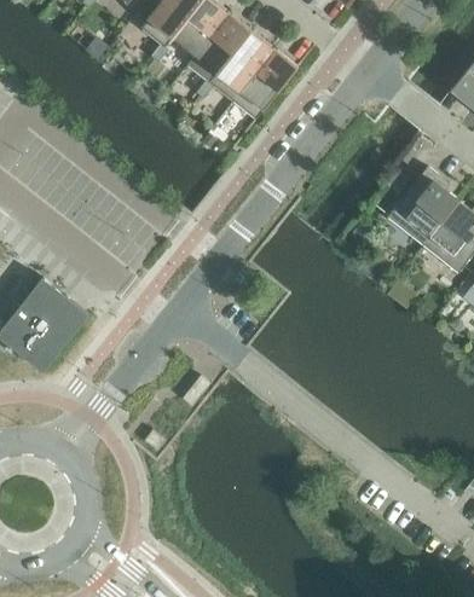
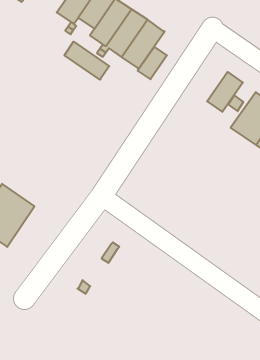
building: none -> [64,42,109,80]
building: none -> [138,47,167,79]
building: none -> [207,72,243,112]

